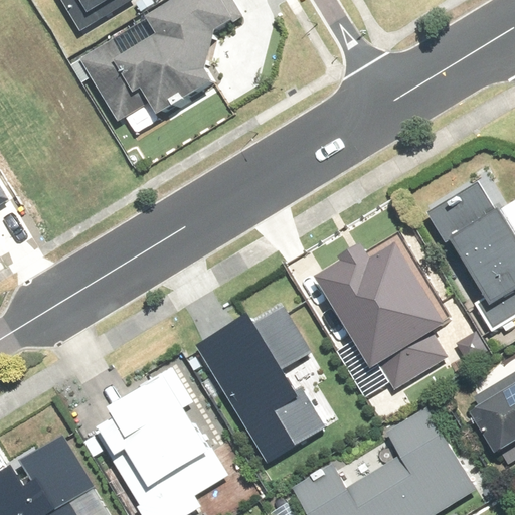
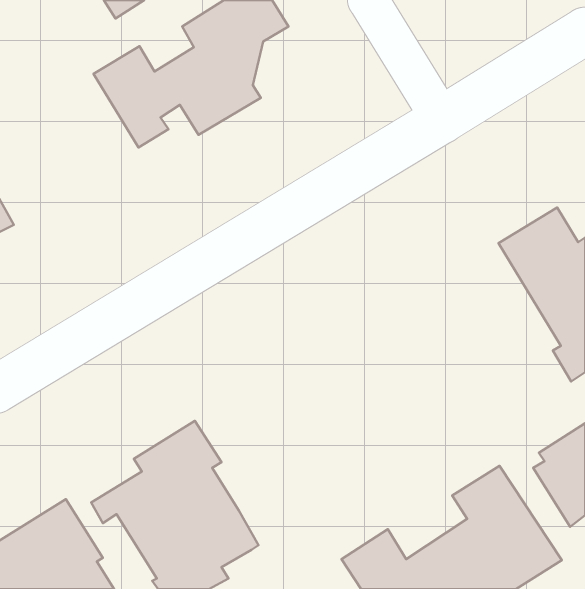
building: [310,238,450,388] -> none
building: [194,304,320,458] -> none

